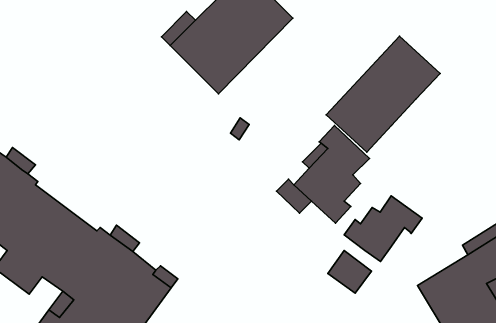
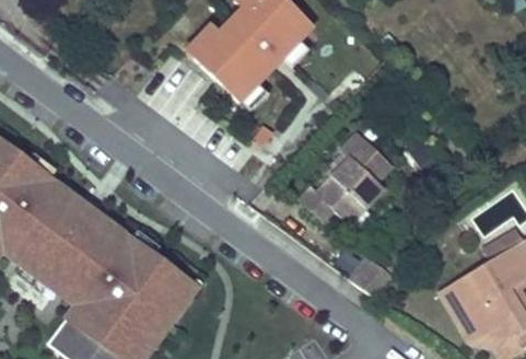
building: [326,36,440,152] -> none
building: [344,196,422,262] -> none

